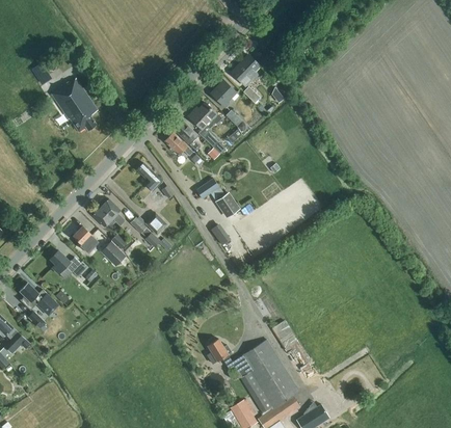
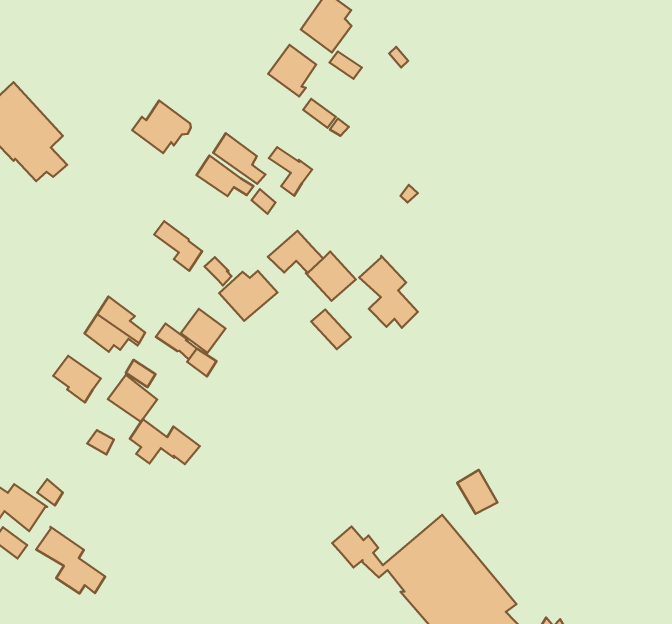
building: [188,103,219,131] -> [132,101,191,153]
building: none -> [219,271,277,321]
building: none -> [359,256,418,328]
building: [50,250,86,277] -> [130,419,200,464]
building: none -> [36,527,105,593]

